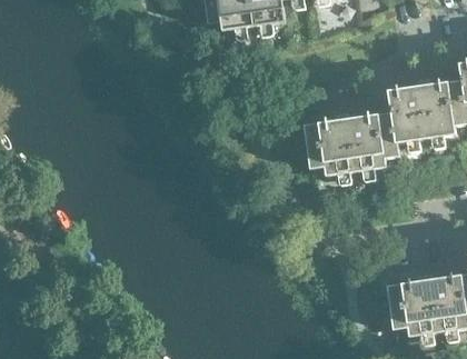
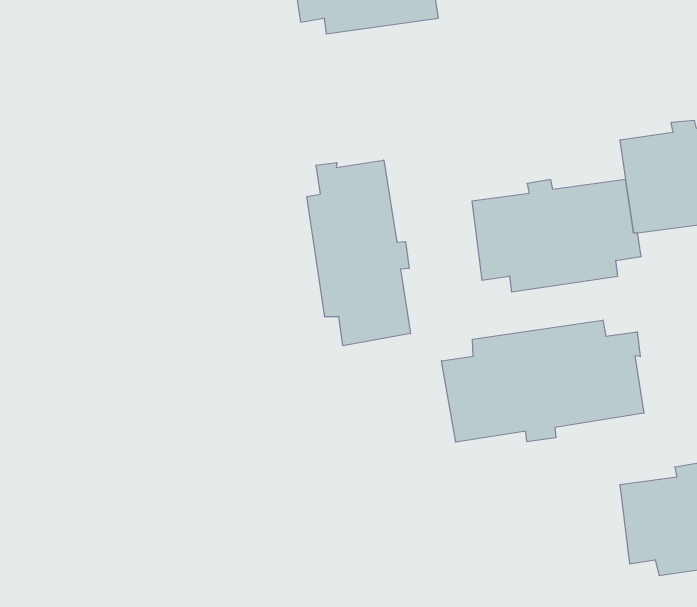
building: none -> [307,160,410,346]
building: none -> [442,320,644,442]

